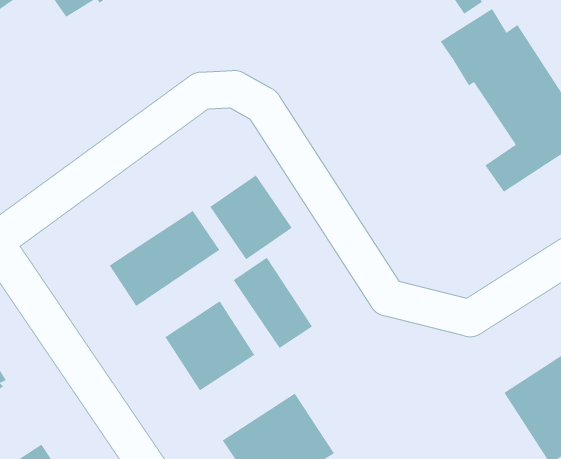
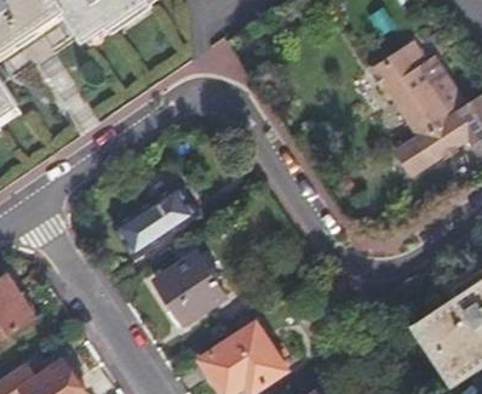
building: [210,175,292,260] -> none
building: [233,257,313,349] -> none

